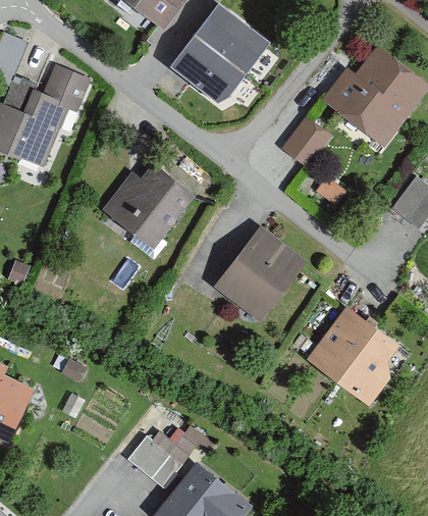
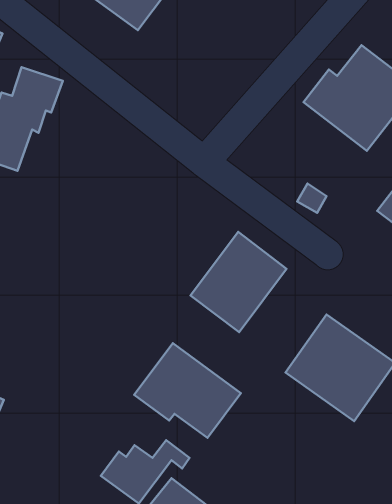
building: [172,7,271,108] -> none
building: [281,117,331,167] -> none
building: [101,164,195,249] -> none
building: none -> [134,343,241,438]

